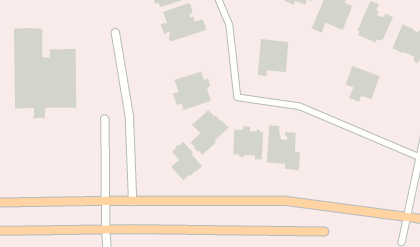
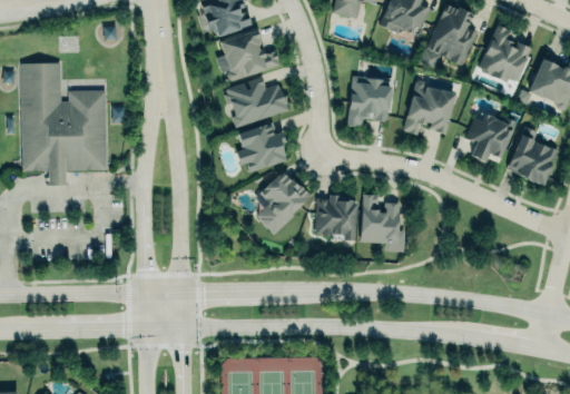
building: none -> [224,78,287,127]
building: none -> [403,86,455,134]
building: none -> [507,127,559,184]
building: [170,141,203,181] -> none

